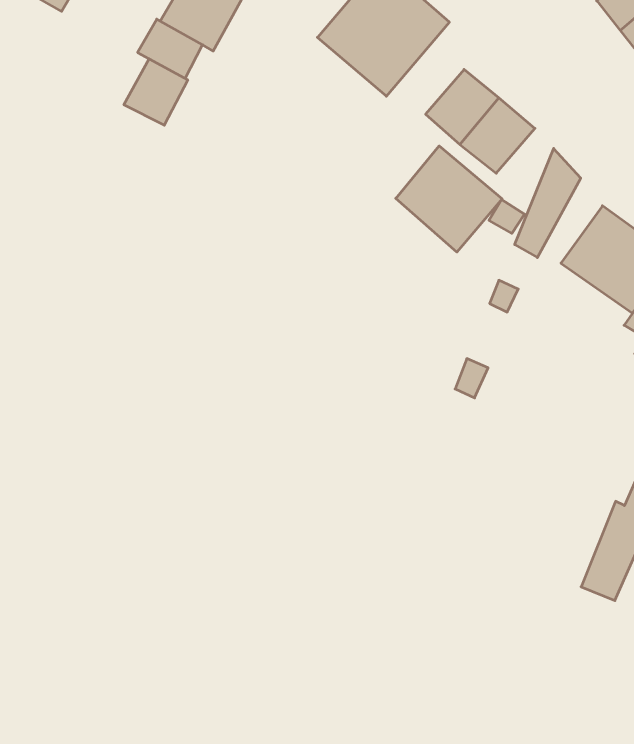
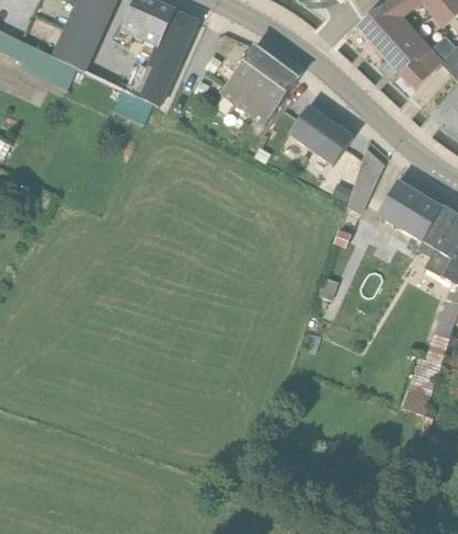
building: [124,59,188,125] -> none
building: [396,146,502,252] -> none

